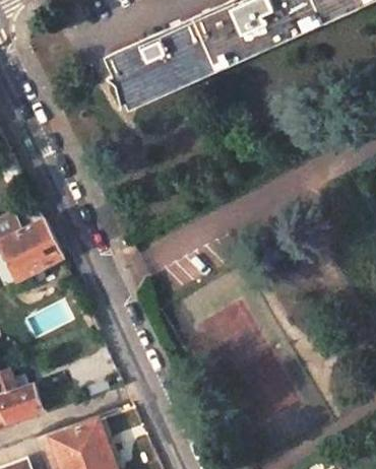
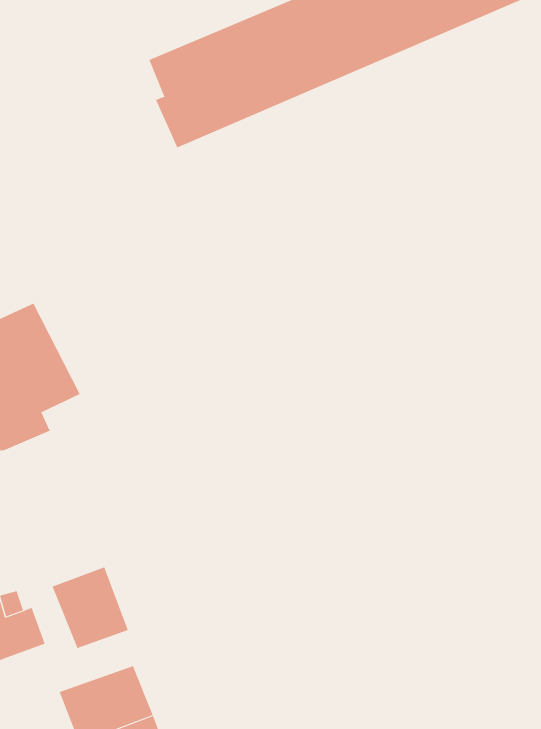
building: none -> [52,567,129,649]

